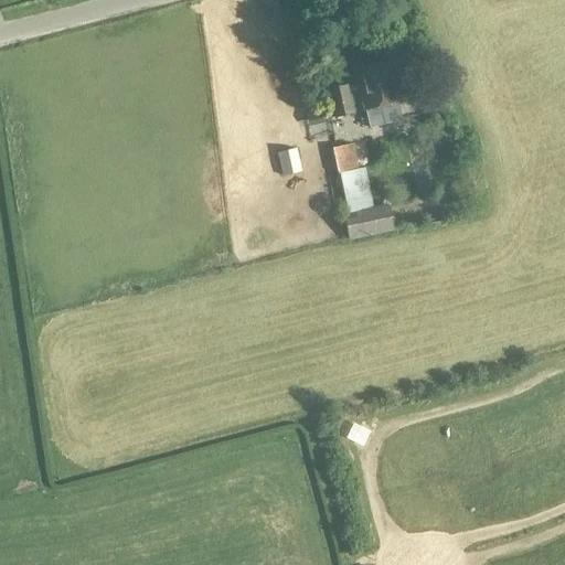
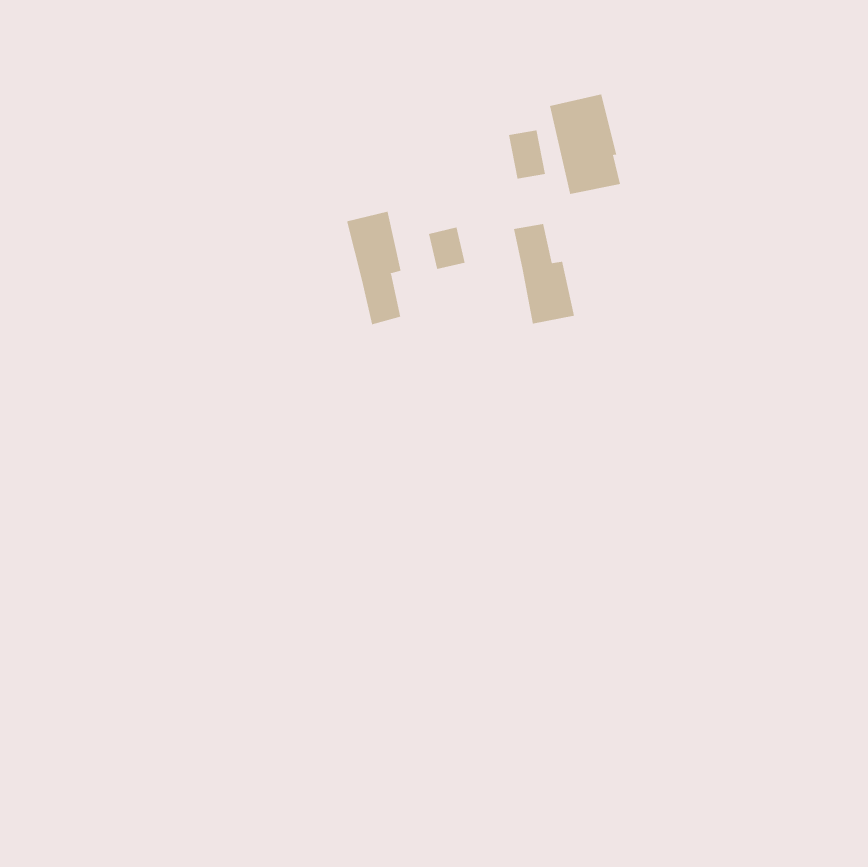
building: none -> [347,211,401,325]
building: [345,202,397,239] -> none

